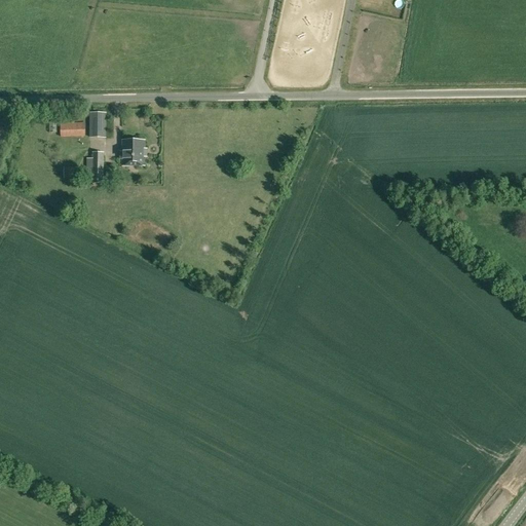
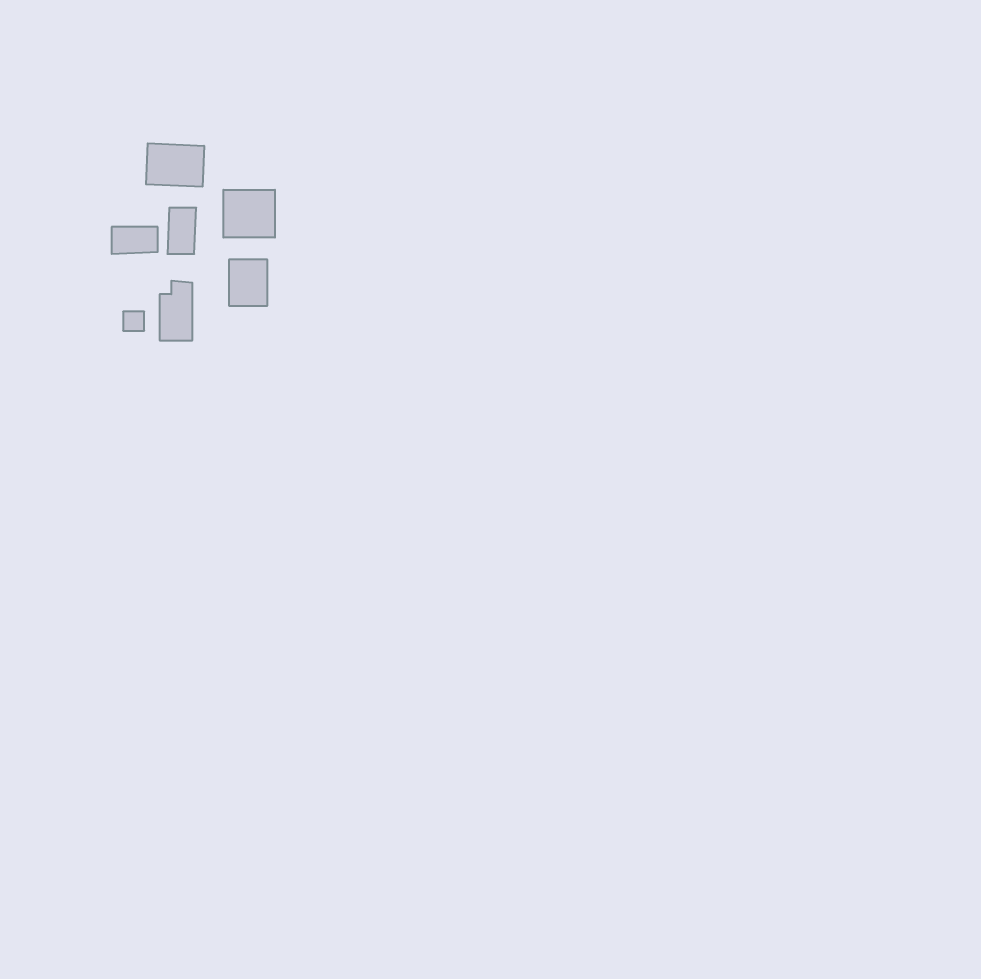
building: none -> [146,143,204,187]
building: none -> [223,190,275,238]

